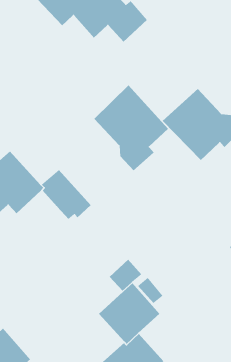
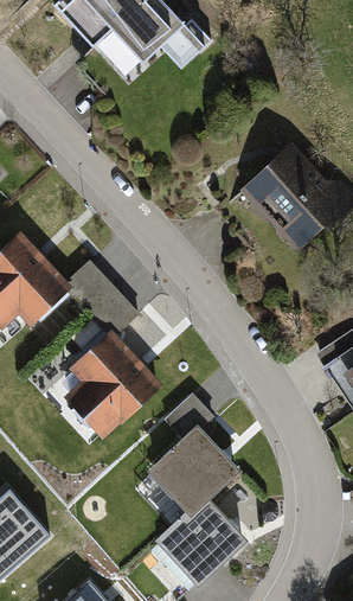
building: [93,84,169,171] -> none
building: none -> [65,327,165,441]

